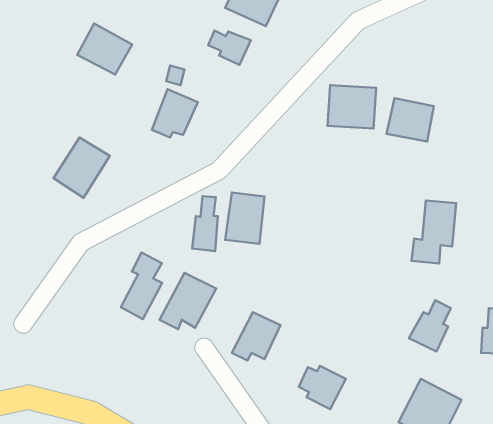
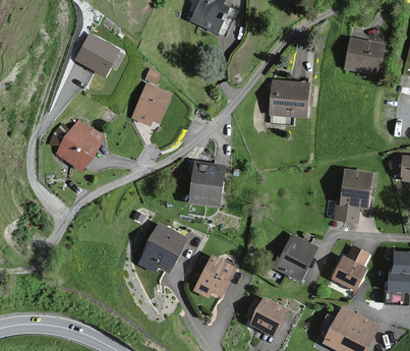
building: [208,31,251,65] -> none
building: [387,98,434,142] -> [345,39,382,72]
building: [192,196,218,251] -> none
building: [121,252,162,319] -> none
building: none -> [274,236,314,279]

